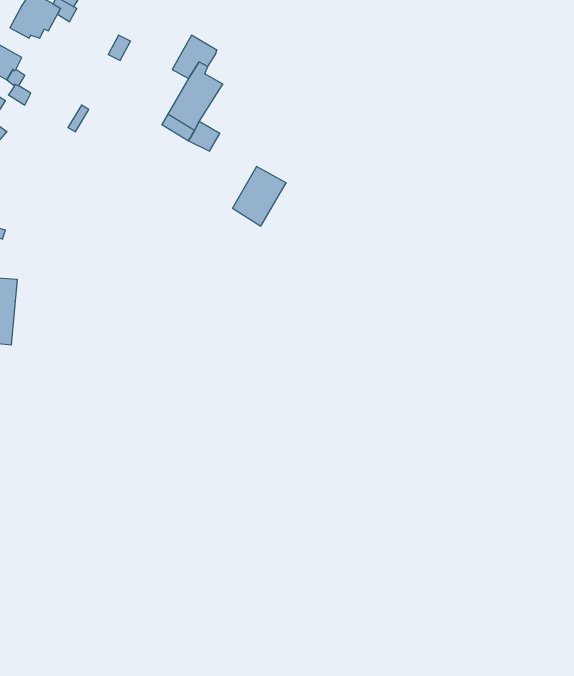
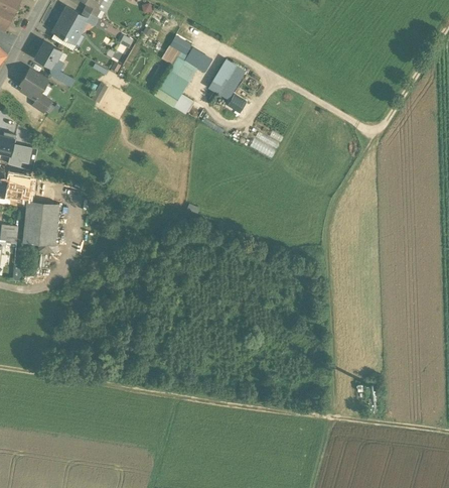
building: none -> [184,48,212,74]
building: [233,167,286,226] -> [209,60,246,101]

